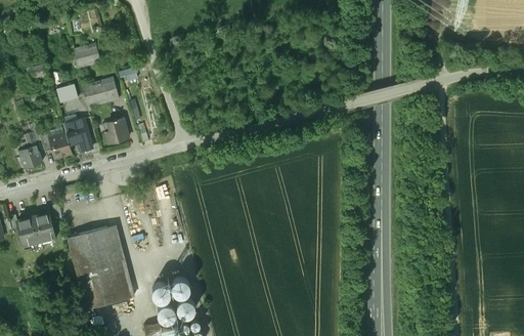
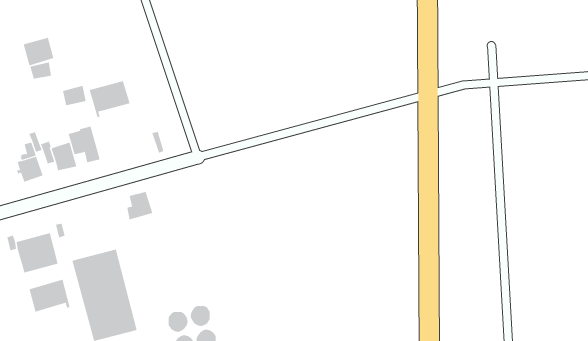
building: [73,43,100,69] -> [23,37,54,66]
building: [105,118,129,143] -> [126,191,153,220]
building: none -> [29,279,70,312]

